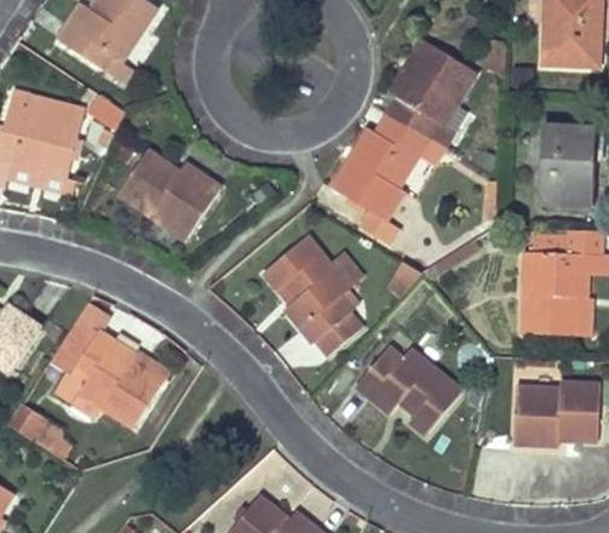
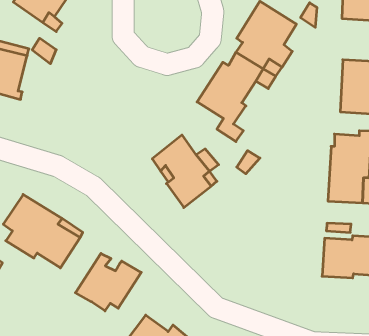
building: [119,149,220,239] -> none
building: [357,346,460,434] -> none
building: none -> [75,253,141,311]

